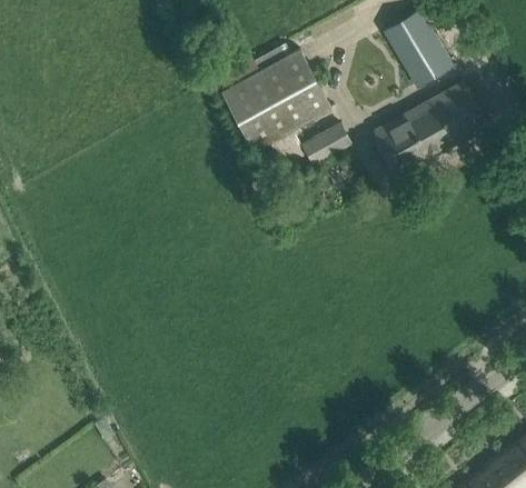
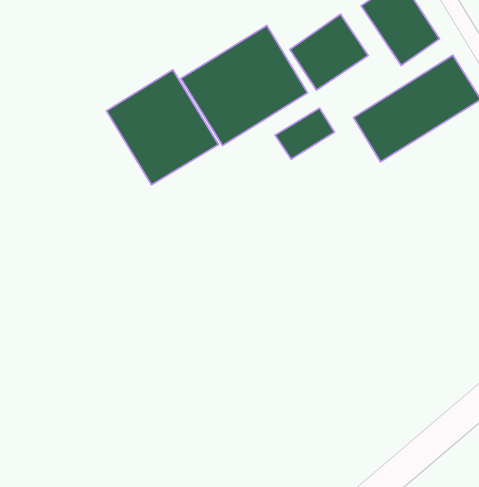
building: none -> [290,14,368,90]
building: none -> [107,70,219,185]

